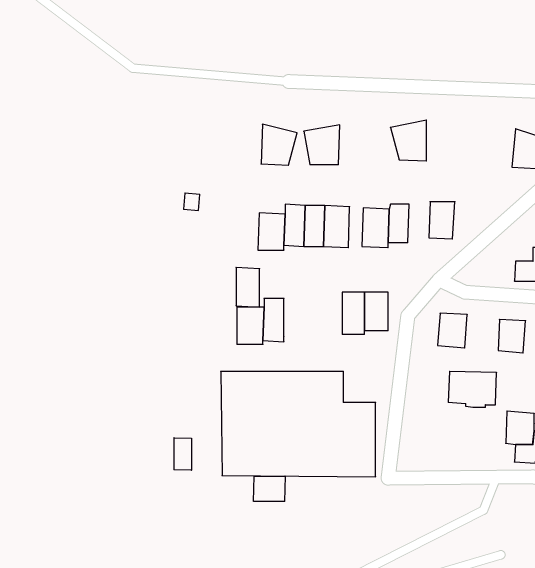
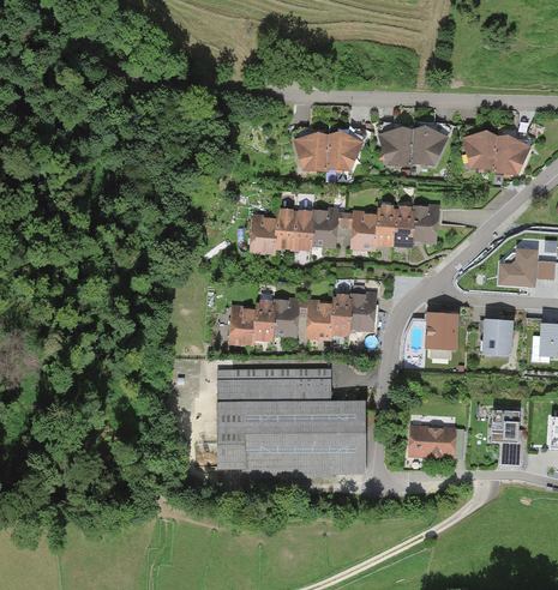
building: none -> [414,126,449,167]
building: [261,124,297,165] -> [329,131,364,170]
building: none -> [466,134,500,171]
building: none -> [396,204,418,246]
building: [236,267,260,307] -> [276,299,299,337]
building: none -> [307,300,332,338]
building: [448,371,497,407] -> [408,425,455,459]
building: [174,438,191,470] -> none
building: [254,476,285,501] -> none

